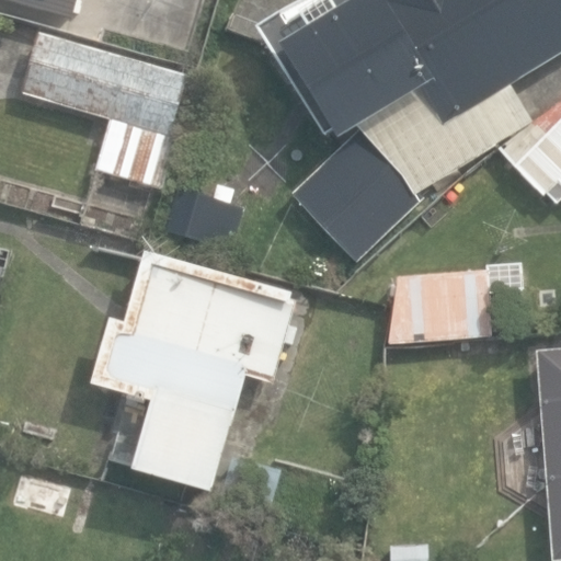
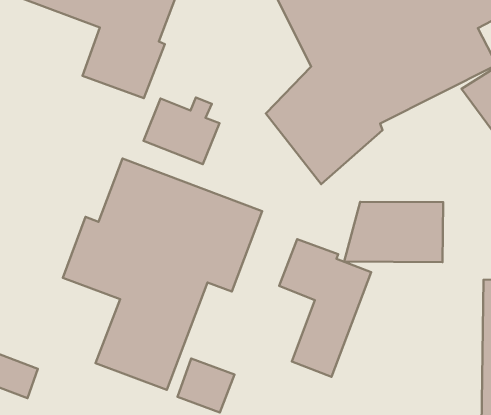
building: none -> [279,239,371,377]

